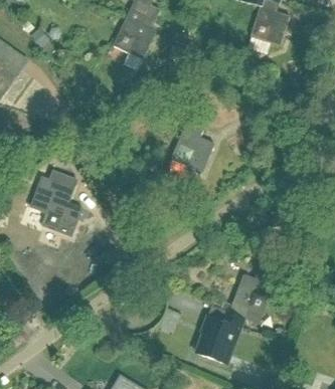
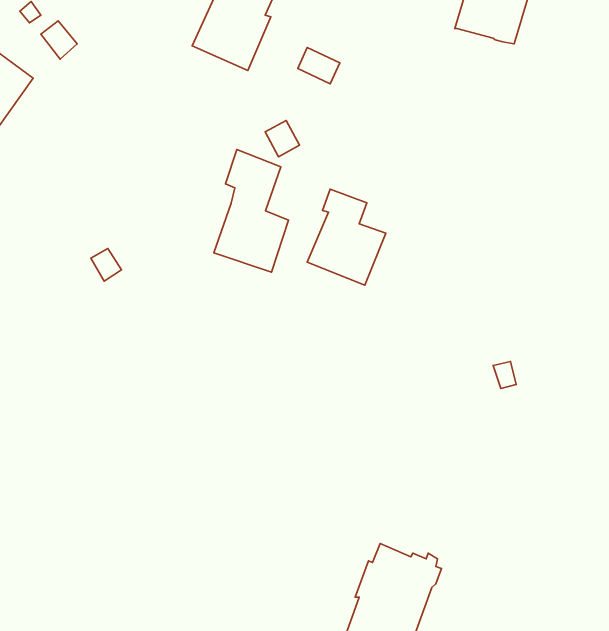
building: [42,170,81,234] -> [214,149,289,272]
building: [228,262,278,322] -> none

